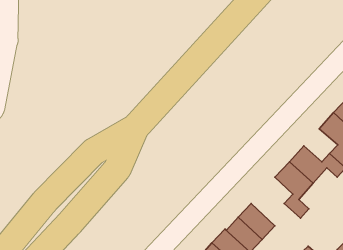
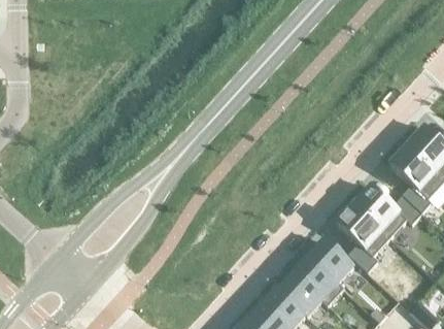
building: none -> [307,238,351,283]

